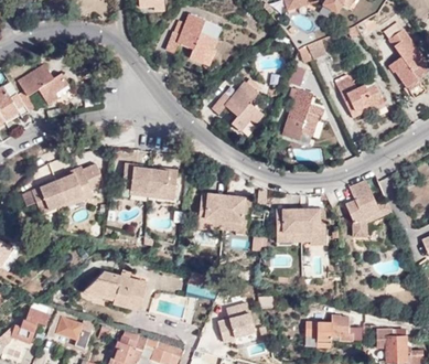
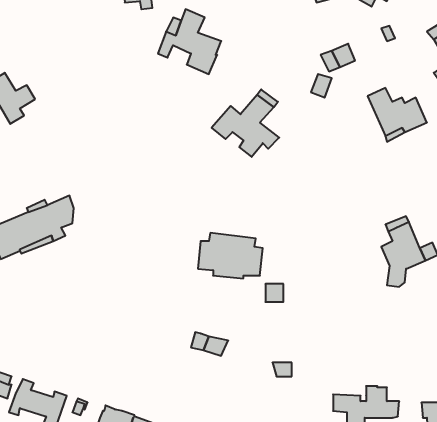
building: [279,89,322,141] -> none
building: [122,163,178,200] -> none
building: [276,207,326,238] -> none
building: [83,269,143,309] -> none
building: [217,301,255,339] -> none

